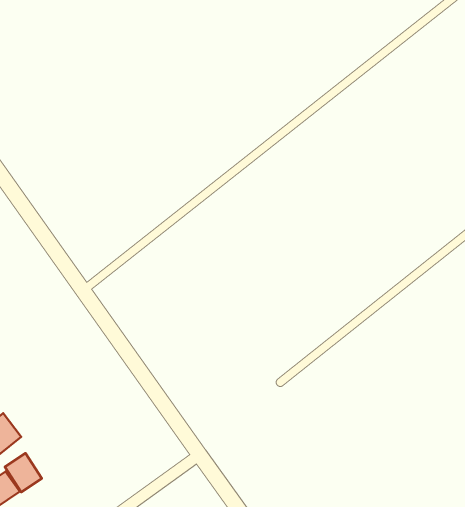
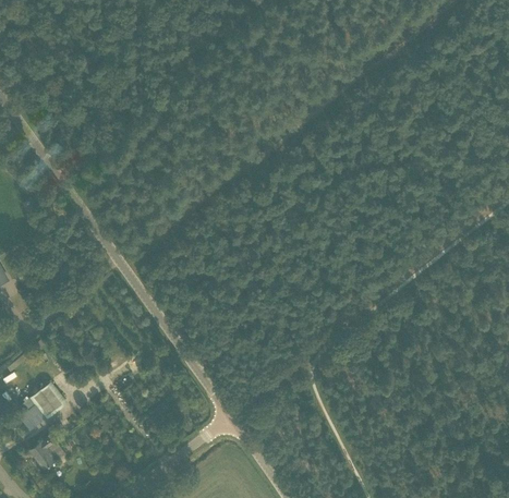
building: [5,453,42,492] -> none

